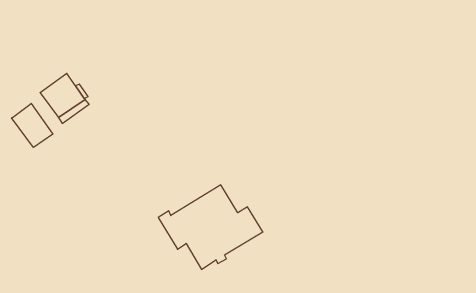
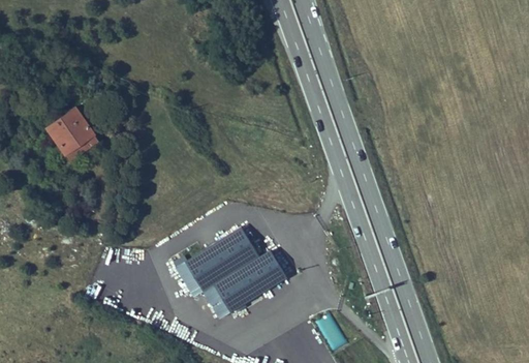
building: [12,103,53,147] -> none

